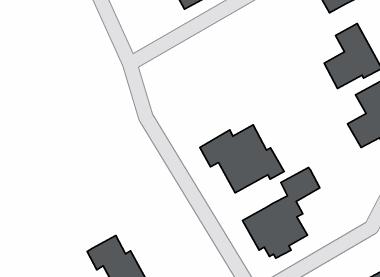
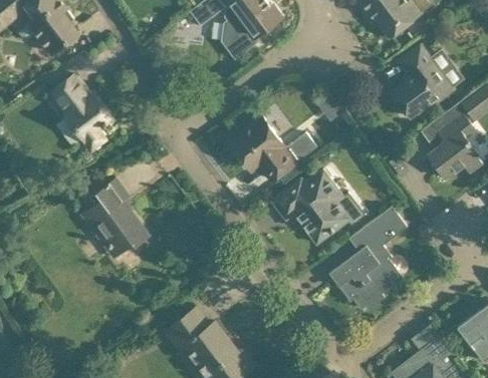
building: none -> [51,74,113,149]
building: none -> [230,118,316,180]
building: none -> [81,178,150,253]

